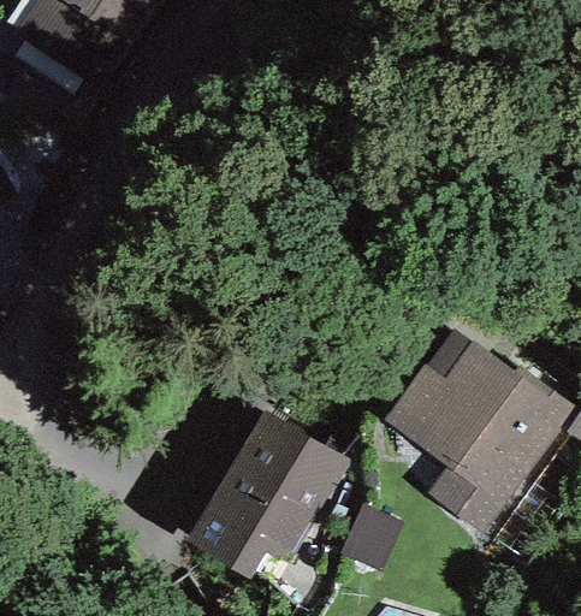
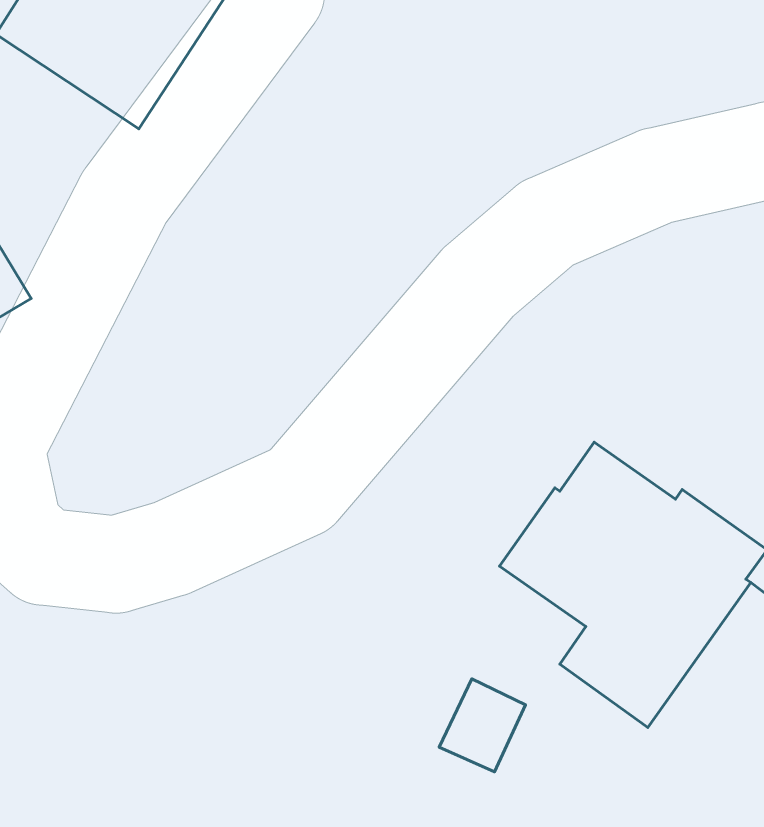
building: [185,408,349,579] -> none

